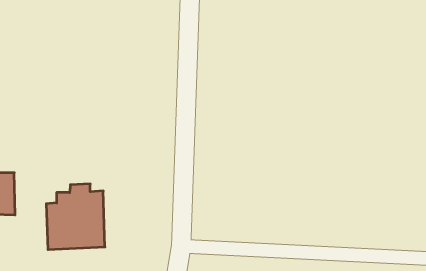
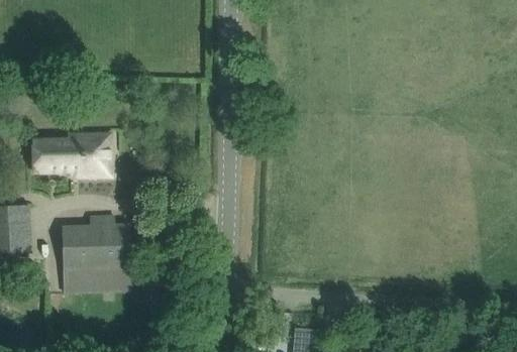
building: none -> [38,134,112,179]

